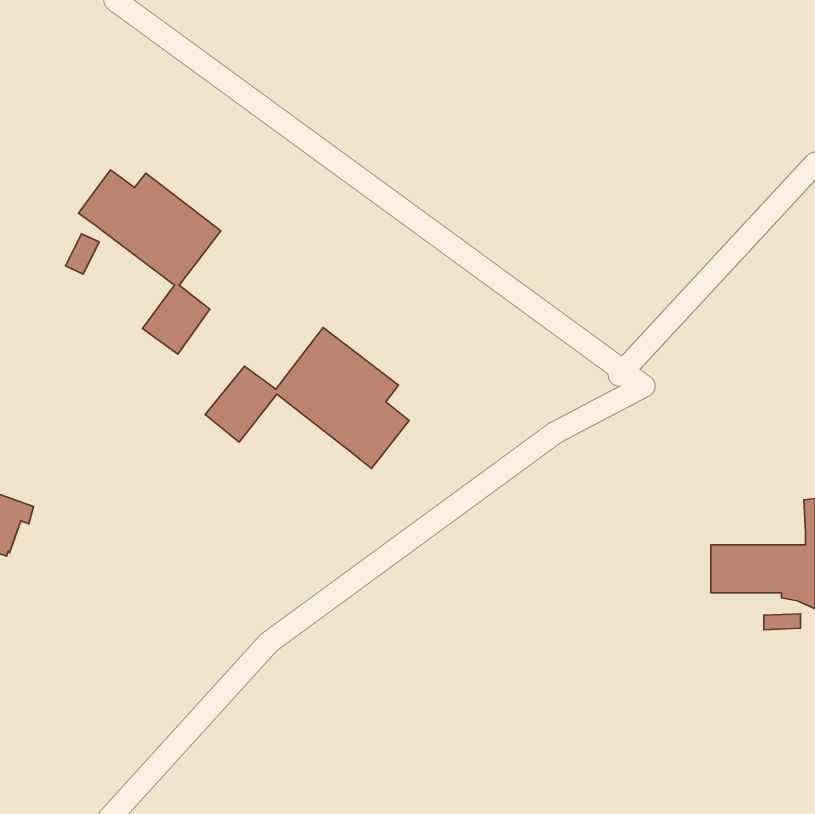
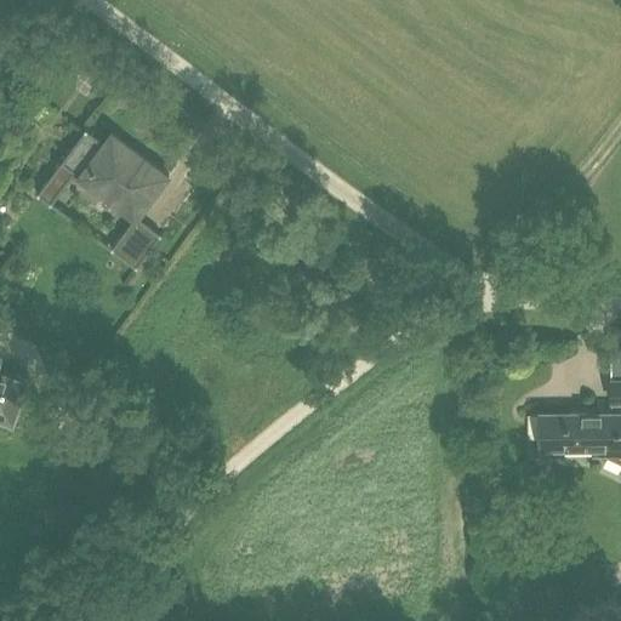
building: [205,328,409,468] -> none

